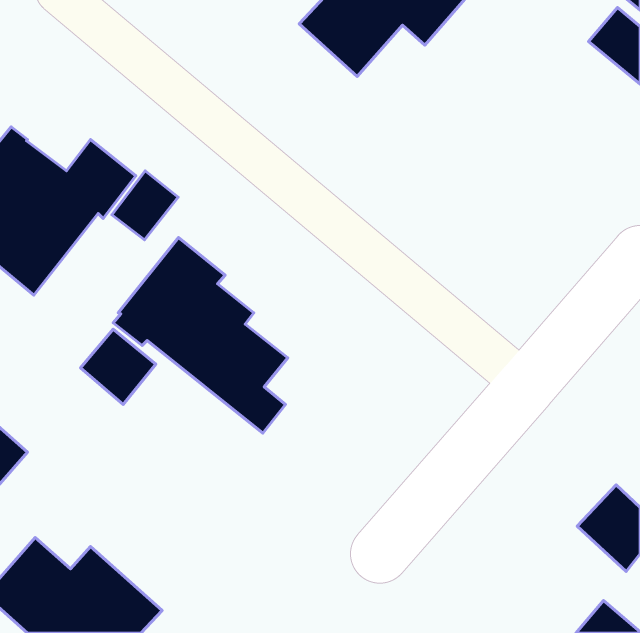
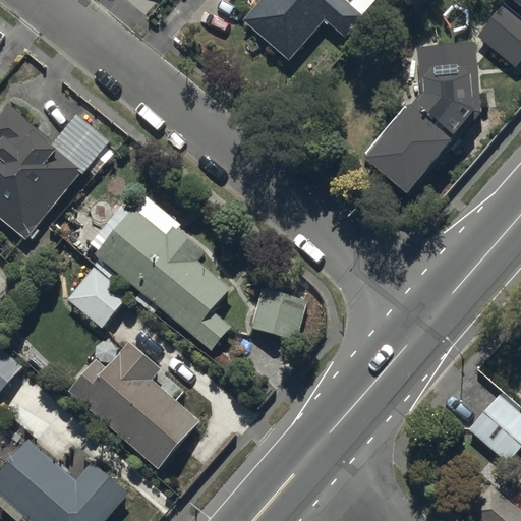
building: none -> [364,43,479,202]
building: [112,171,178,240] -> none
building: none -> [249,285,310,342]
building: none -> [63,341,201,473]

